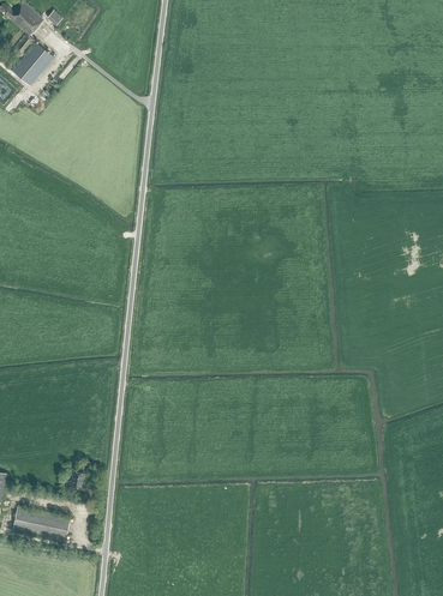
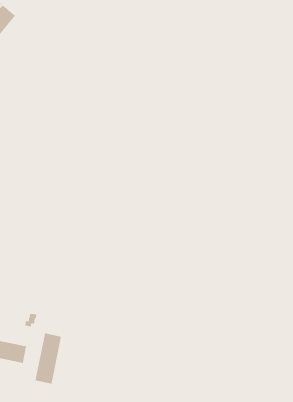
building: none -> [35,333,62,384]

